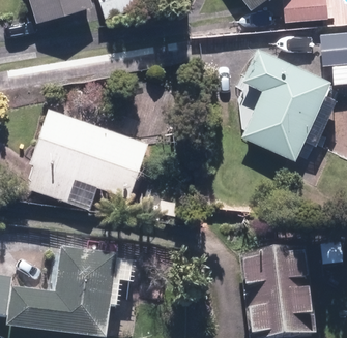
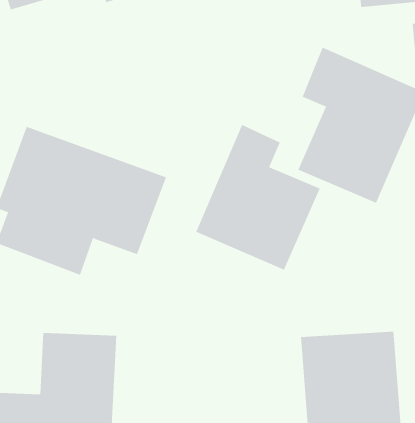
building: none -> [196,124,320,271]

